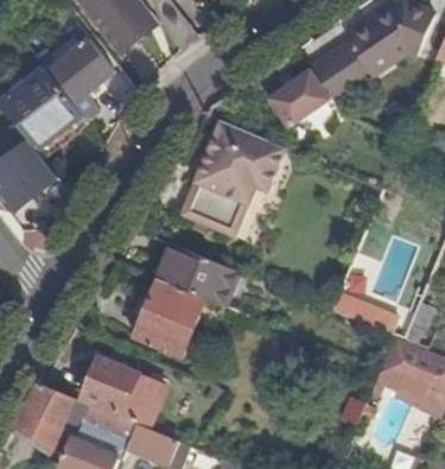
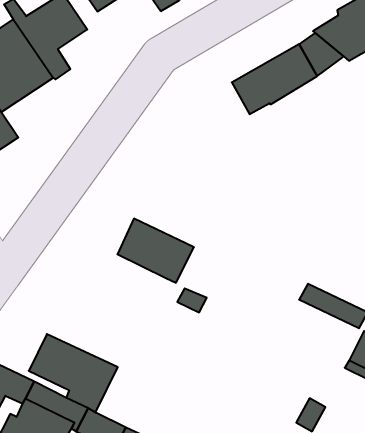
building: [180,121,286,237] -> none
building: [133,279,204,355] -> none

